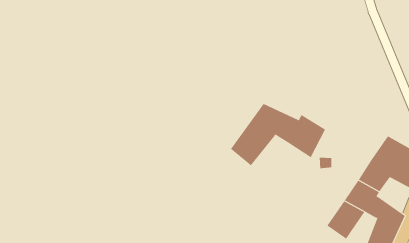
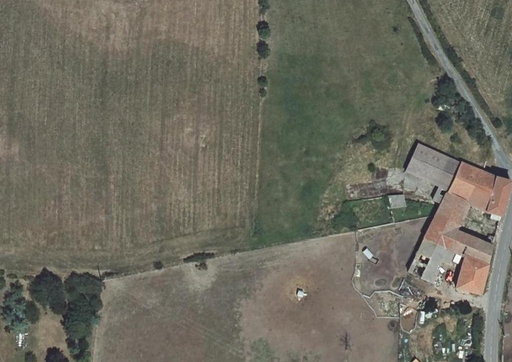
building: [230,103,326,166] -> none
building: none -> [404,143,460,190]

